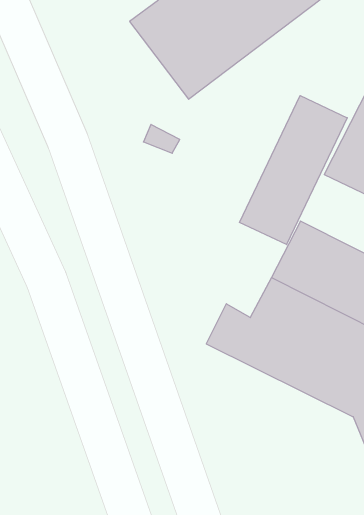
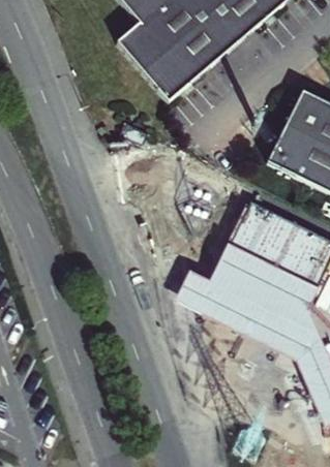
building: [239,96,347,245] -> none

